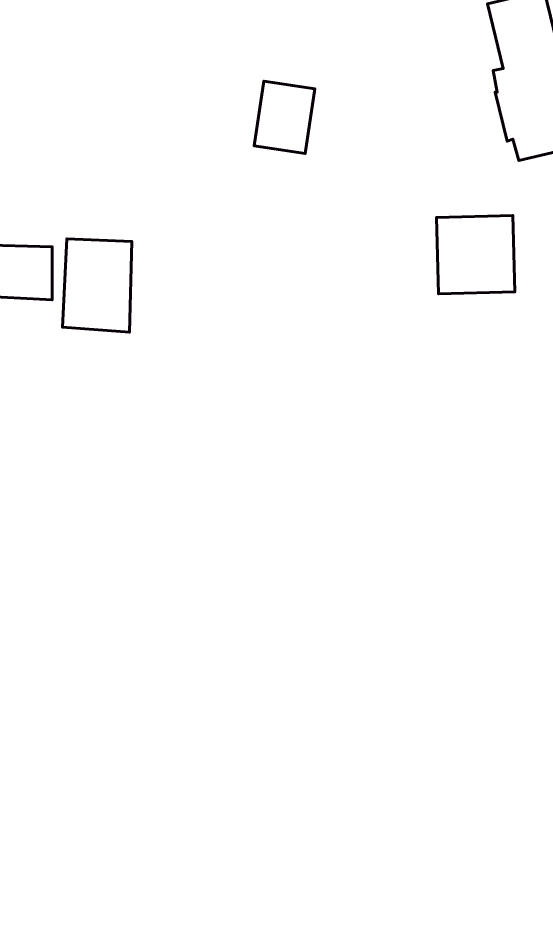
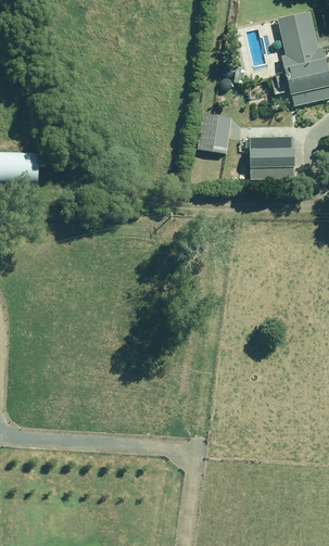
building: [254,81,315,154] -> [199,114,232,154]
building: [62,239,132,332] -> none

